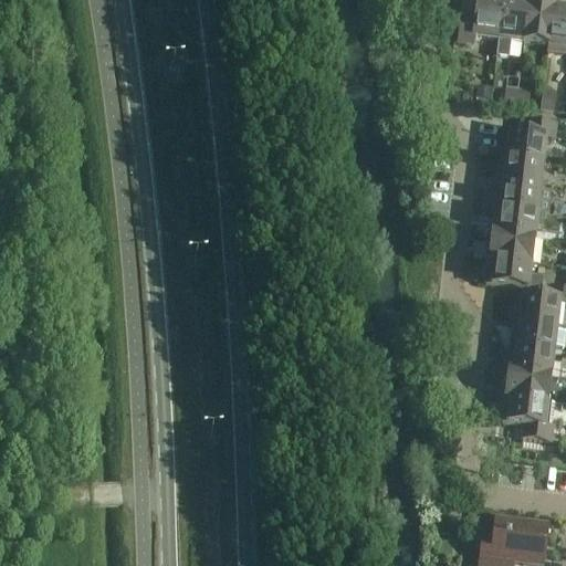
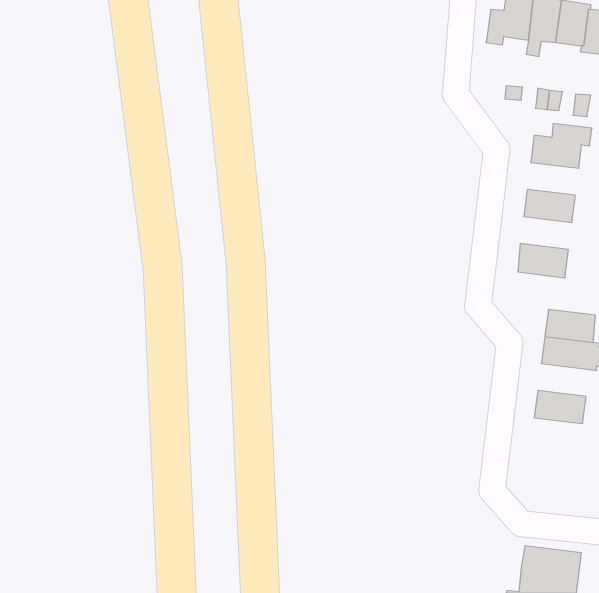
building: [497,153,546,184] -> none
building: [491,203,548,234] -> none
building: [485,255,541,287] -> none
building: [507,342,556,373] -> none
building: [502,392,555,438] -> none

